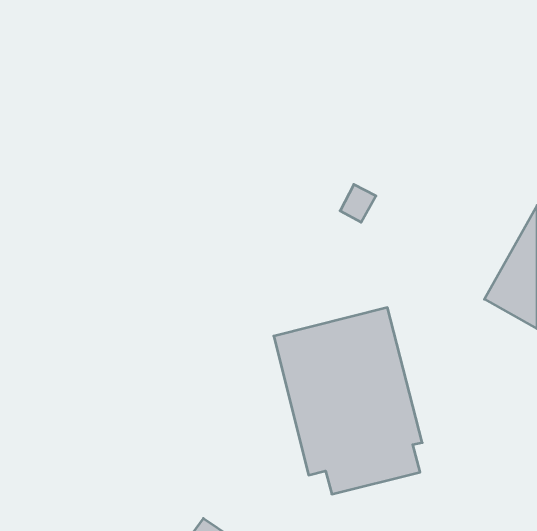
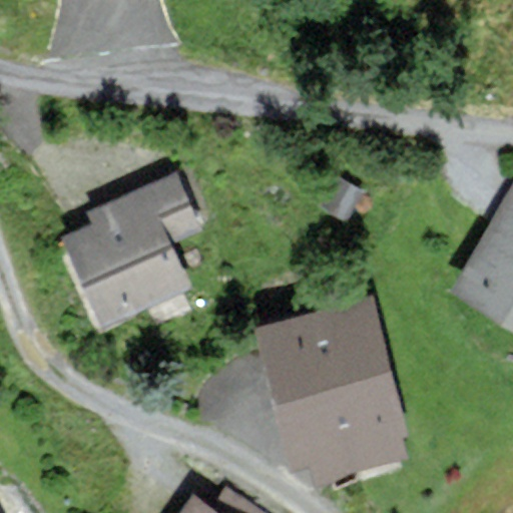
building: none -> [68,179,196,322]

